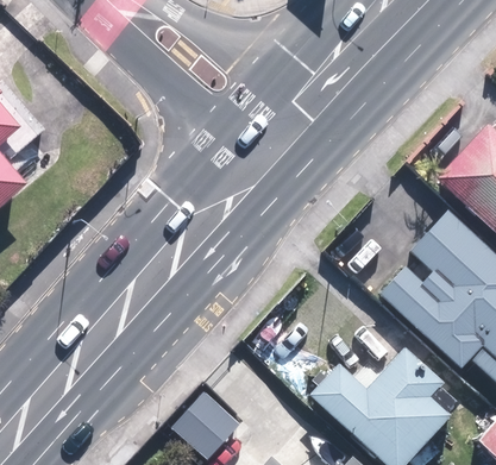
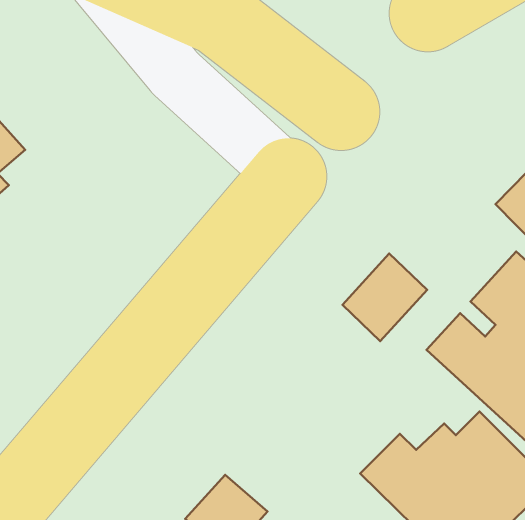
building: none -> [343,254,427,341]

